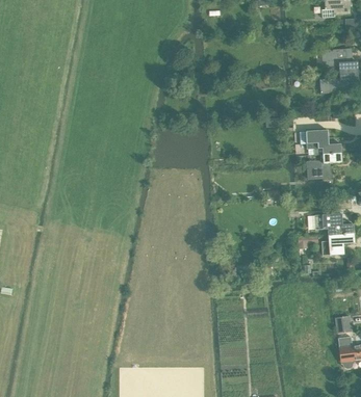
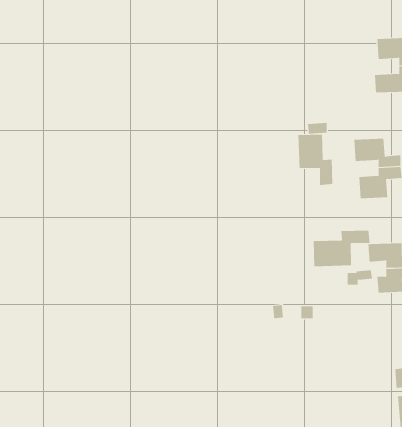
building: none -> [298,134,333,186]
building: none -> [313,230,370,267]

